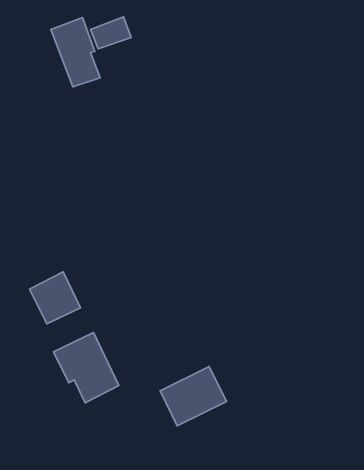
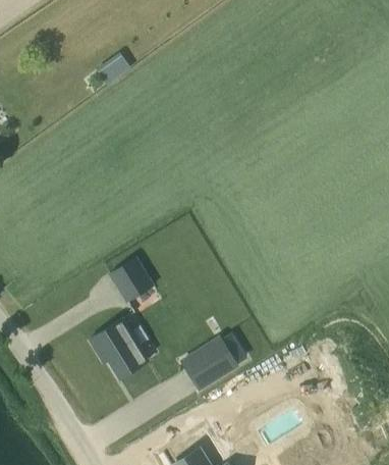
building: [51,18,100,87] -> none
building: [30,272,80,324] -> [111,256,155,301]

